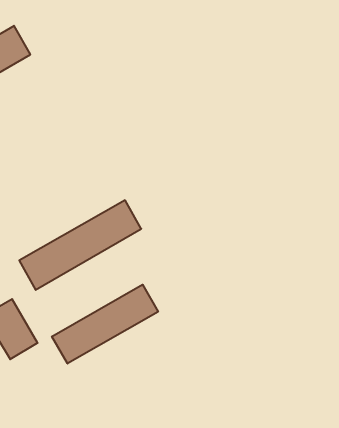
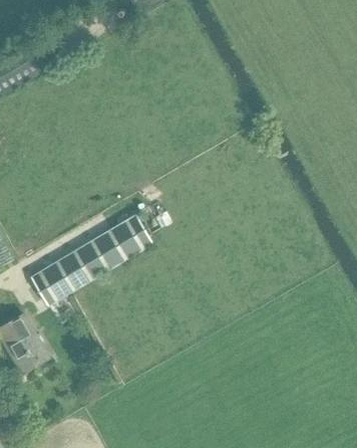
building: [52,285,158,364] -> none

